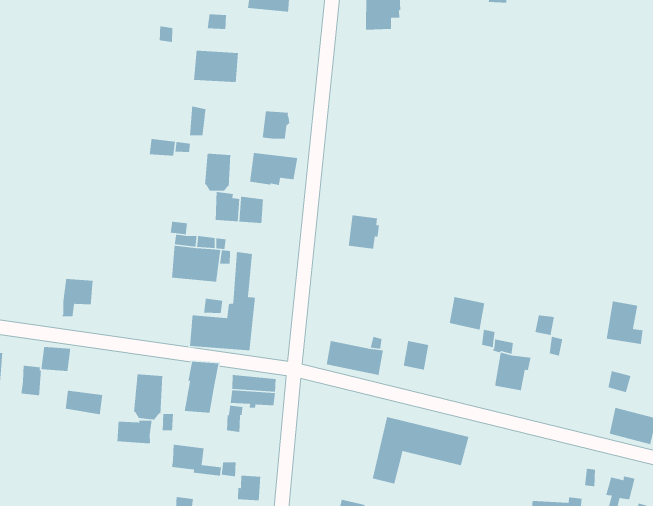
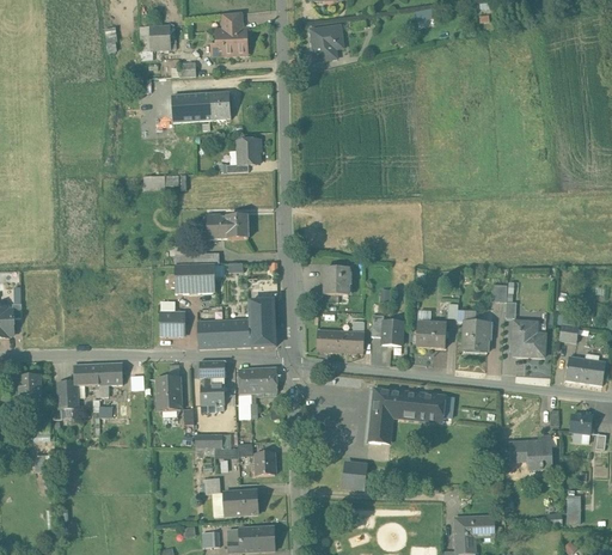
building: none -> [209,92,231,120]
building: [249,152,298,186] -> none
building: [204,153,231,191] -> none
building: [348,214,380,249] -> [325,267,350,294]
building: [61,278,93,317] -> [98,362,123,397]
building: [449,296,485,330] -> [417,322,446,348]
building: none -> [250,299,275,347]
building: none -> [160,312,184,335]
building: [606,301,643,345] -> [513,322,544,356]
building: [116,420,153,444] -> none

